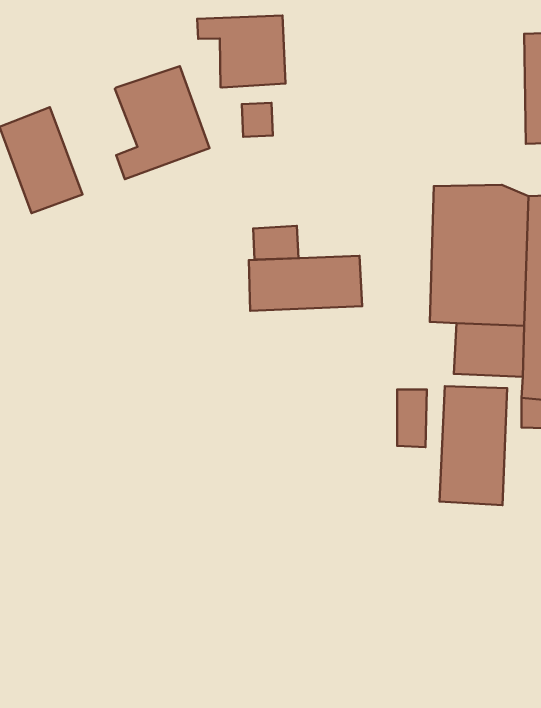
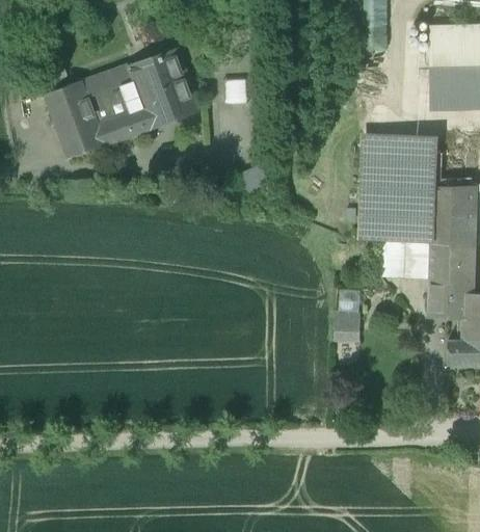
building: [197,15,285,88] -> none
building: none -> [83,64,148,145]
building: [249,256,362,311] -> none
building: [440,386,507,505] -> none

